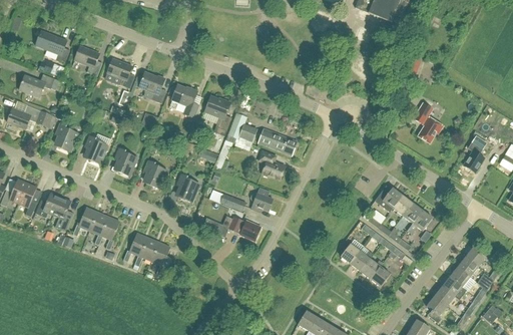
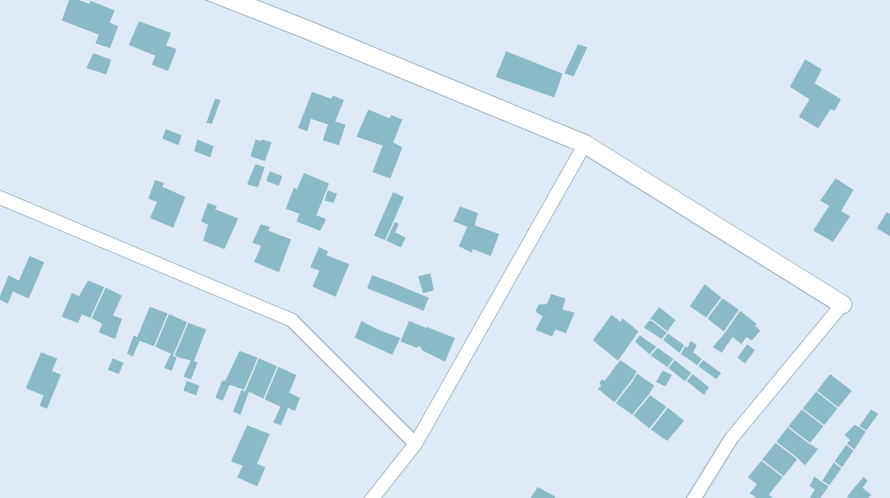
building: [105,57,134,87] -> none
building: [139,72,164,101] -> none
building: [19,73,59,97] -> none
building: [413,101,443,141] -> [789,59,842,129]
building: [7,105,52,128] -> none
building: [228,113,258,141] -> none
building: [56,123,78,151] -> none
building: [258,127,297,154] -> [495,51,564,98]
building: none -> [285,172,330,232]
building: [18,183,39,216] -> [25,351,62,410]
building: [375,185,402,212] -> [592,314,639,361]
building: [250,187,274,212] -> [535,293,575,337]
building: none -> [230,424,270,487]

